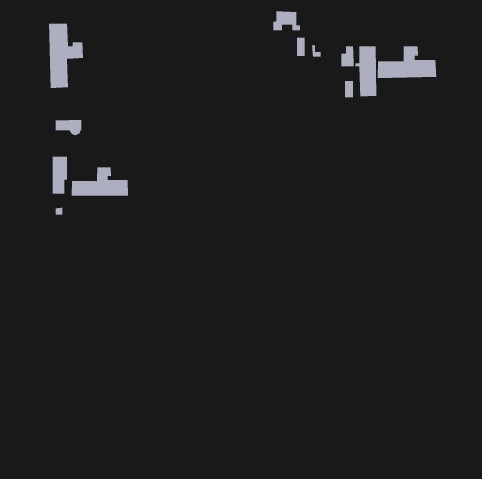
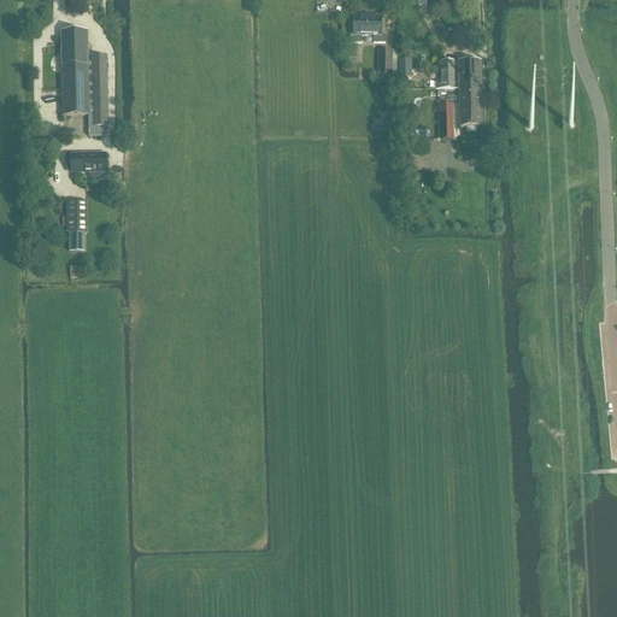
building: [377,46,437,79] -> none
building: none -> [87,75,108,133]
building: [71,167,129,196] -> none

